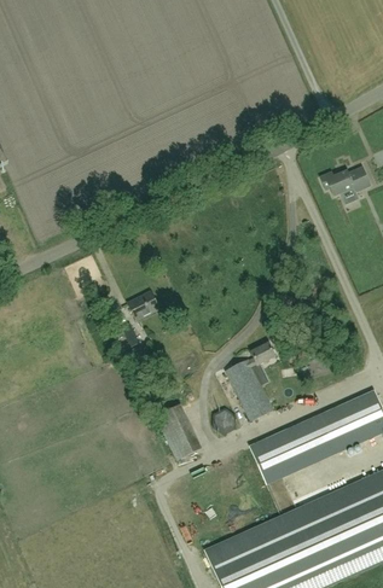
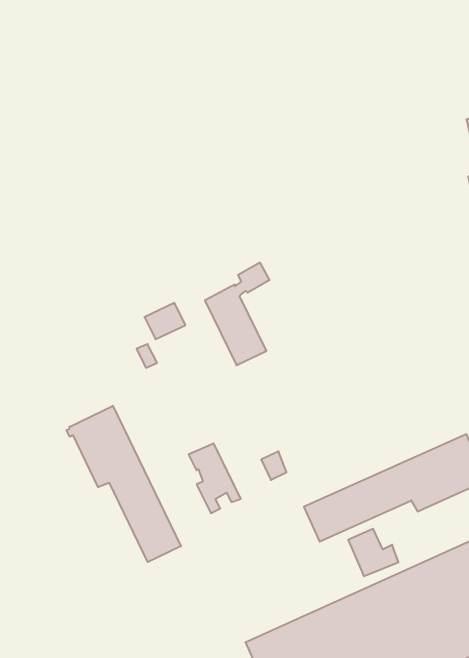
building: [319,167,370,193] -> none
building: [225,340,274,419] -> [205,263,270,365]
building: none -> [66,406,181,562]

